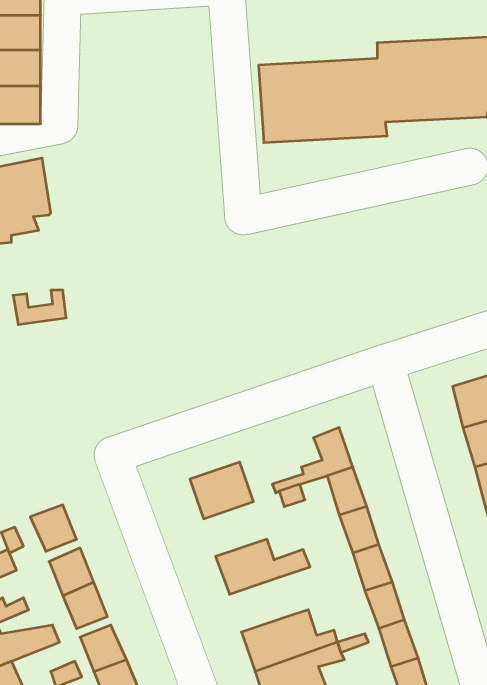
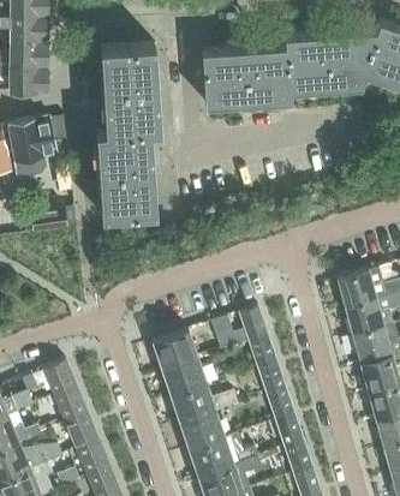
building: none -> [95,46,159,219]
building: none -> [162,357,215,395]
building: none -> [180,410,225,448]

